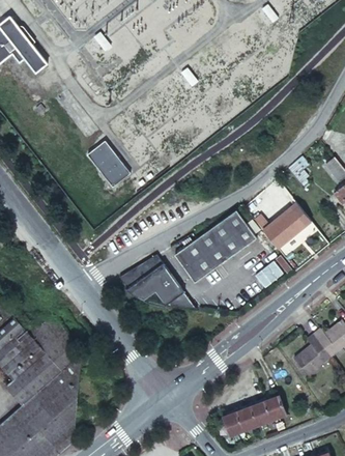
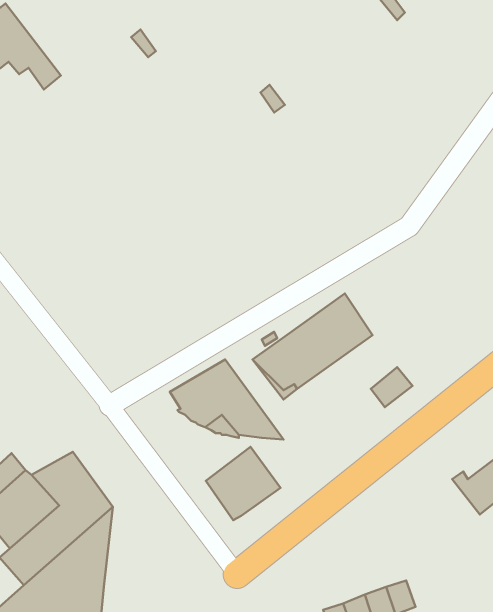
building: [86,142,128,188] -> none
building: [263,205,307,247] -> none
building: none -> [206,447,281,520]
building: [290,335,328,380] -> none

